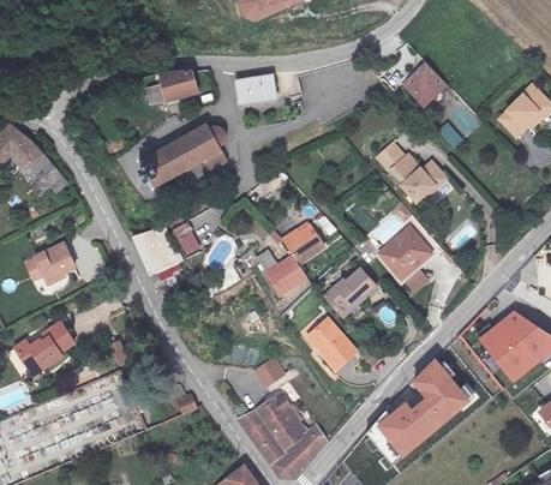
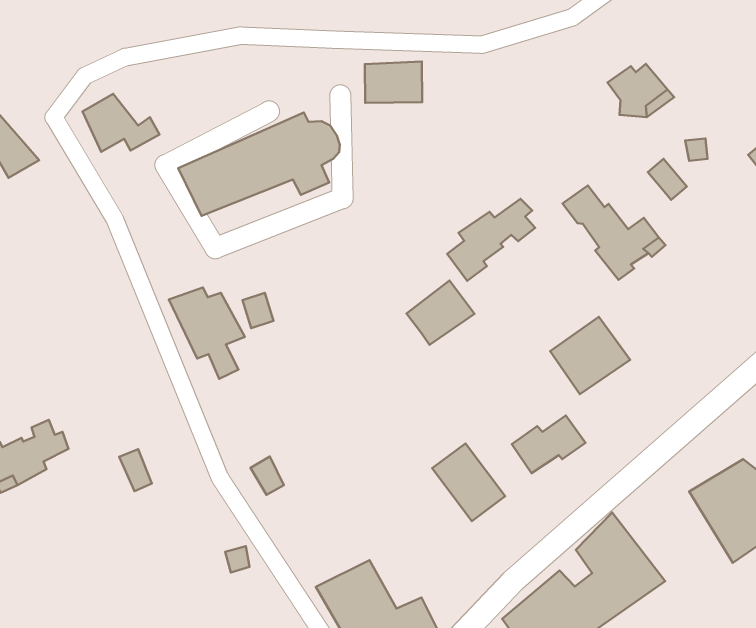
building: [157,70,193,94] -> none
building: none -> [447,199,535,281]
building: [18,157,70,196] -> [82,94,159,152]
building: [32,244,71,280] -> none
building: [271,250,312,288] -> none
building: [328,265,376,305] -> [512,416,585,473]
building: [251,357,285,389] -> none

